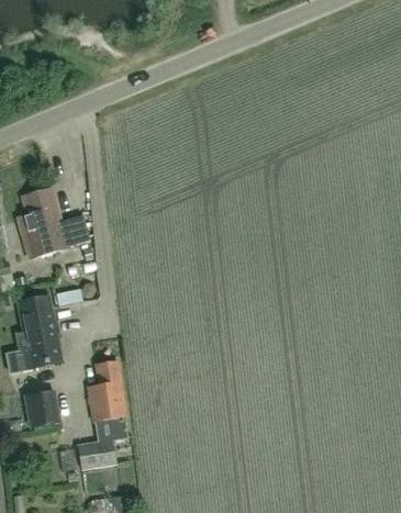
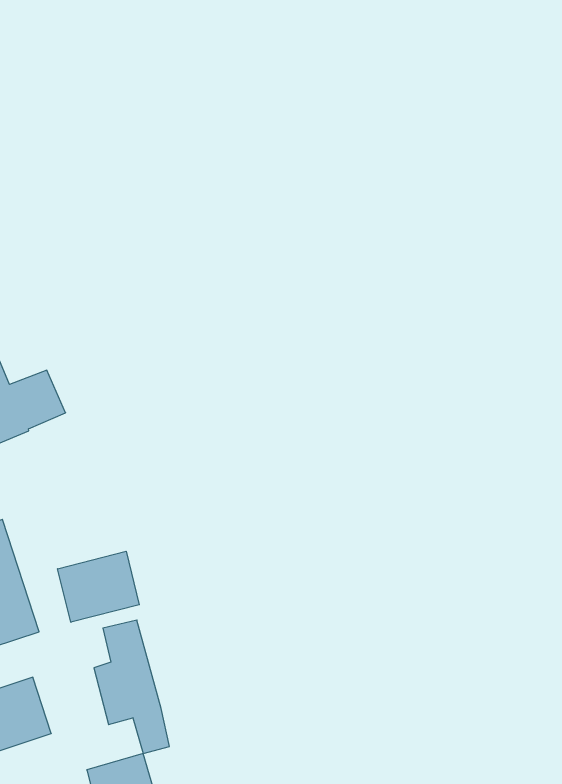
building: none -> [58,551,139,622]

